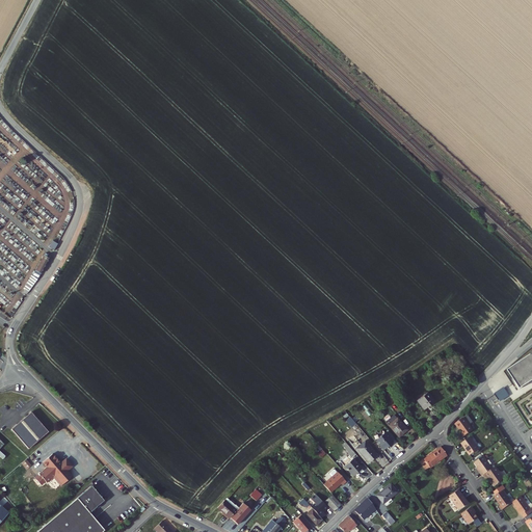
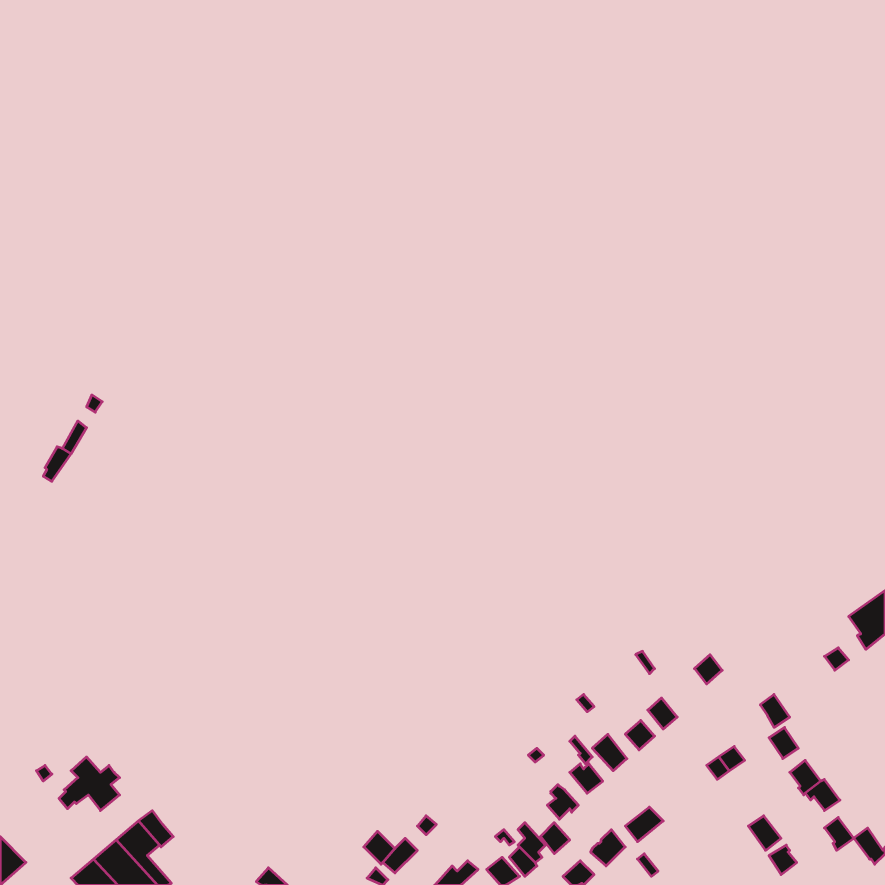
building: [12,411,49,449] -> none

